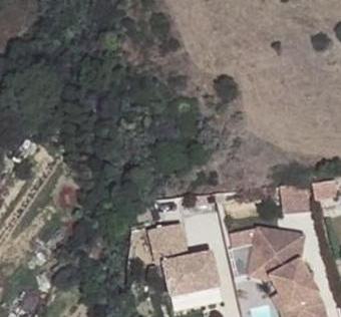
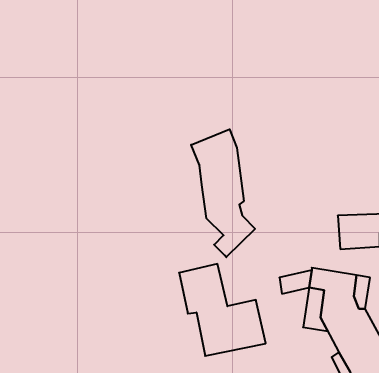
building: none -> [191,129,255,257]

